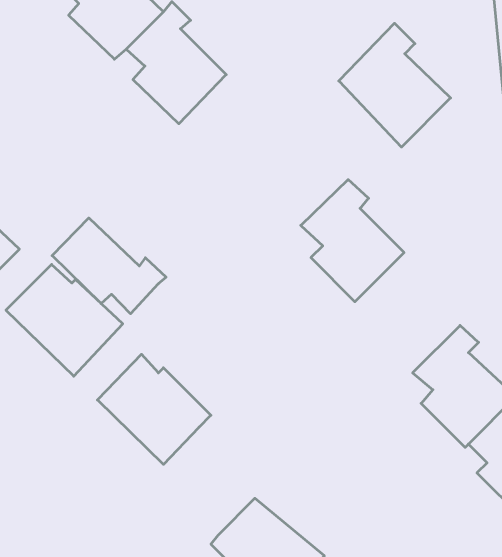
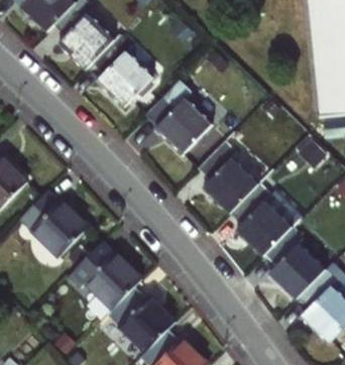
building: [339,23,451,147] -> [145,80,212,153]
building: [52,218,166,314] -> none
building: none -> [231,184,292,255]
building: none -> [110,287,177,352]

